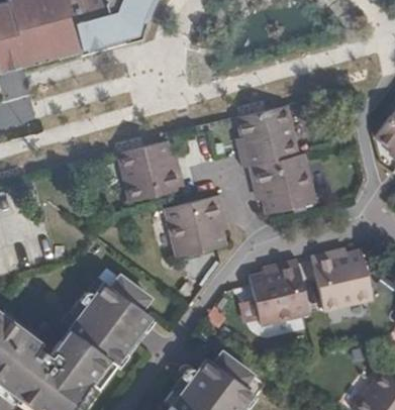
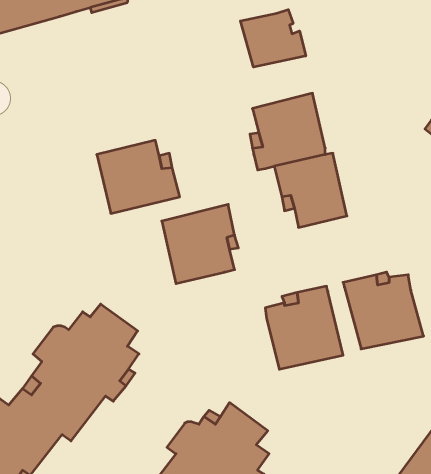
building: none -> [240,10,306,67]

